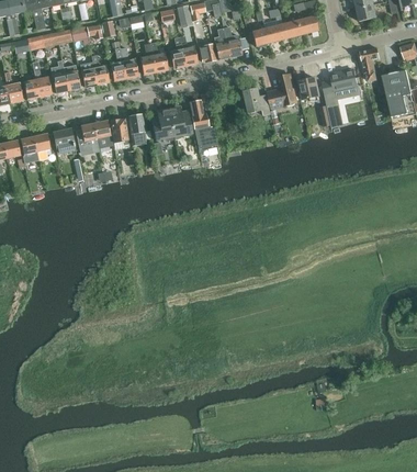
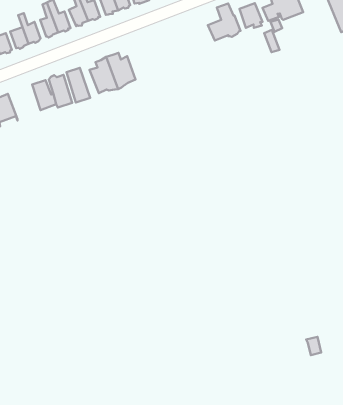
building: [244,87,271,114] -> none
building: [189,99,216,147] -> none
building: [76,122,99,151] -> none

